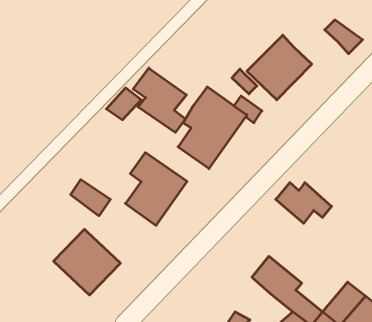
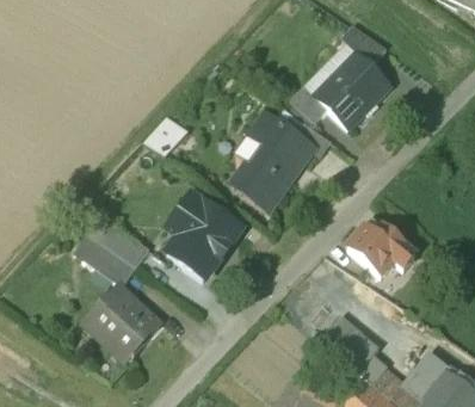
building: [325,20,363,54] -> [340,26,385,67]
building: [133,68,186,132] -> none
building: none -> [74,234,135,289]

